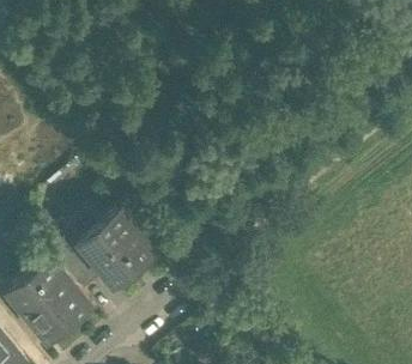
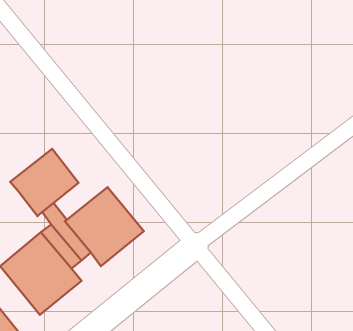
building: none -> [10,149,79,216]

